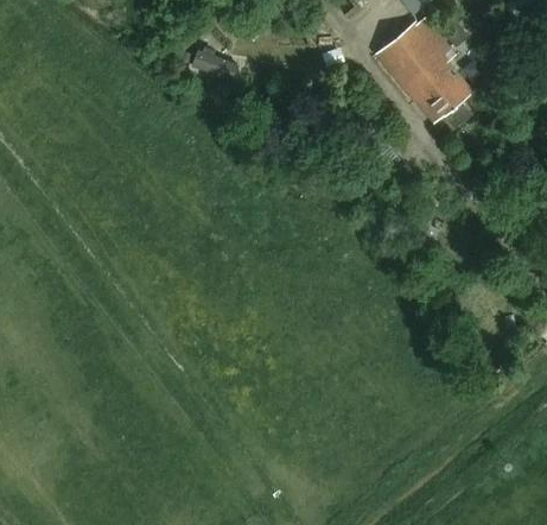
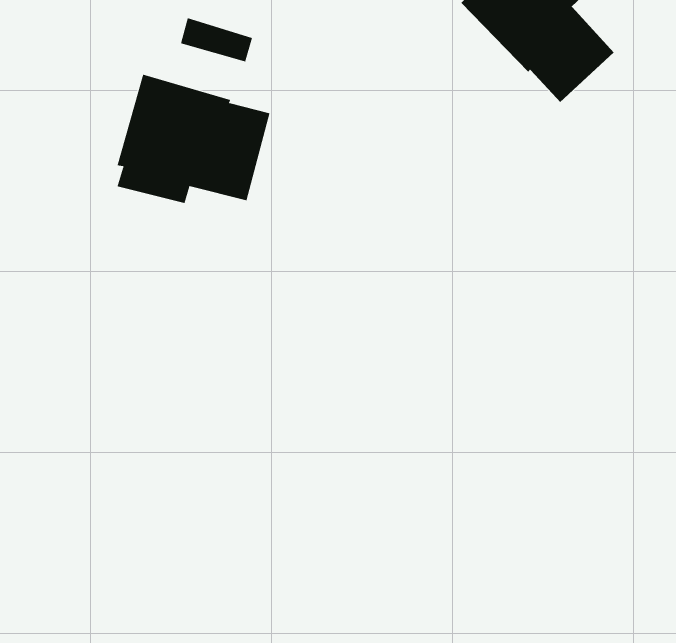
building: none -> [117,74,270,204]

